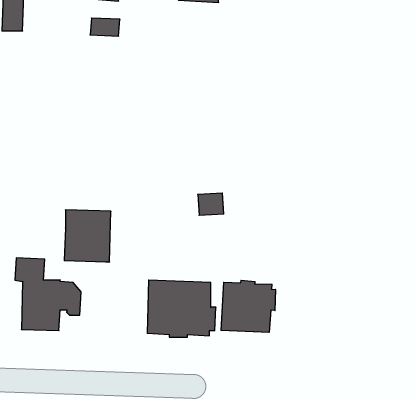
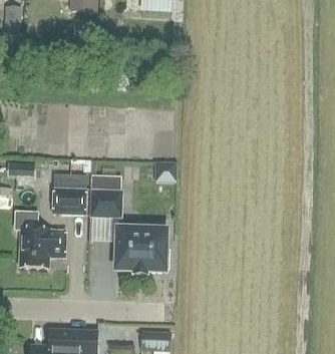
building: none -> [91,189,120,215]
building: [221,280,275,332] -> none

